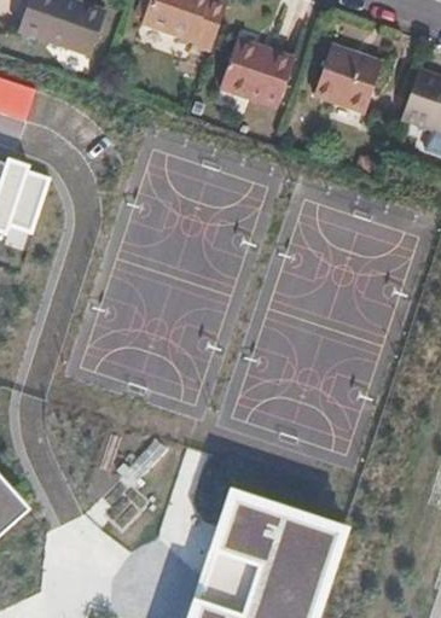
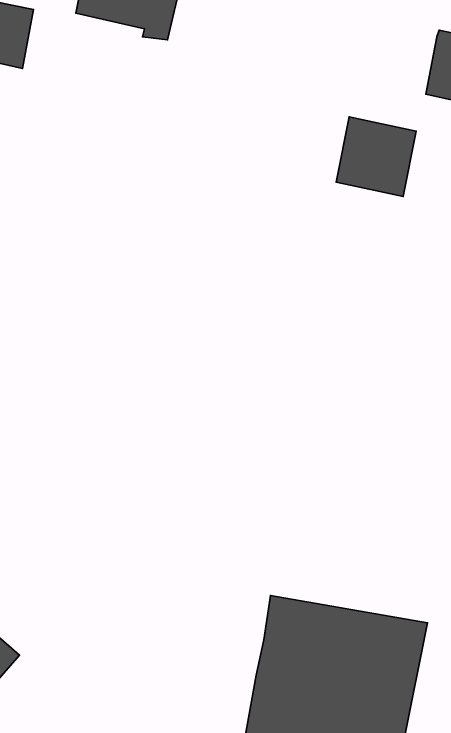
building: [217,35,292,105] -> none
building: [312,43,379,111] -> [336,117,416,196]

